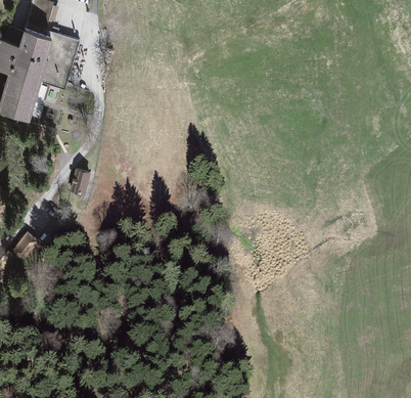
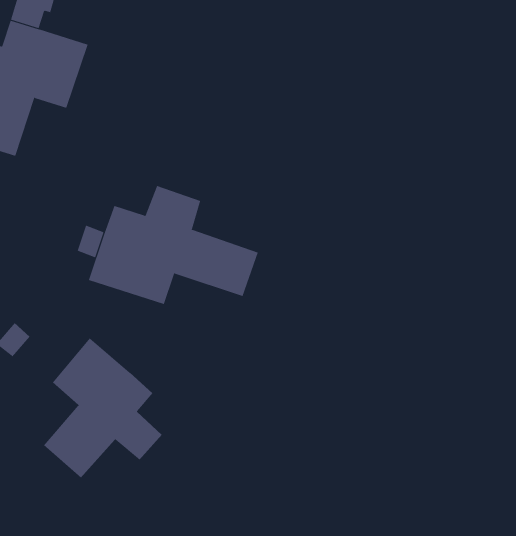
building: none -> [88,185,258,305]
building: none -> [43,337,162,479]

